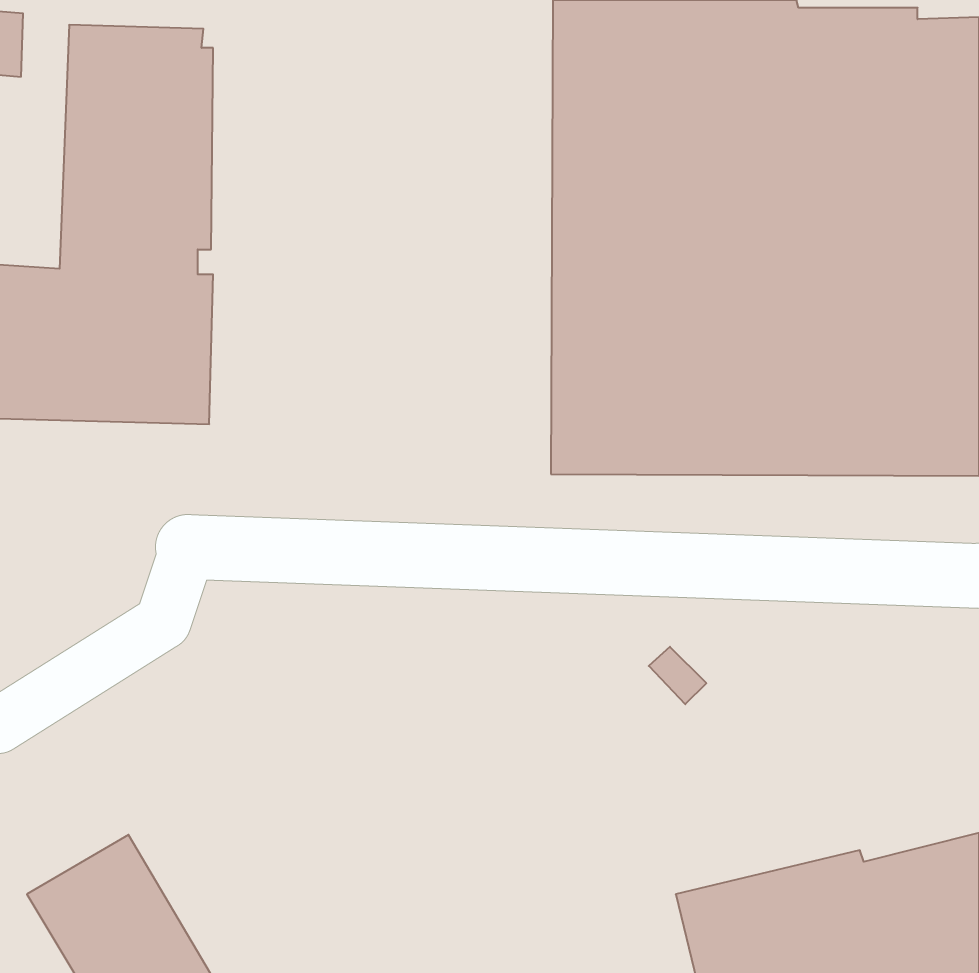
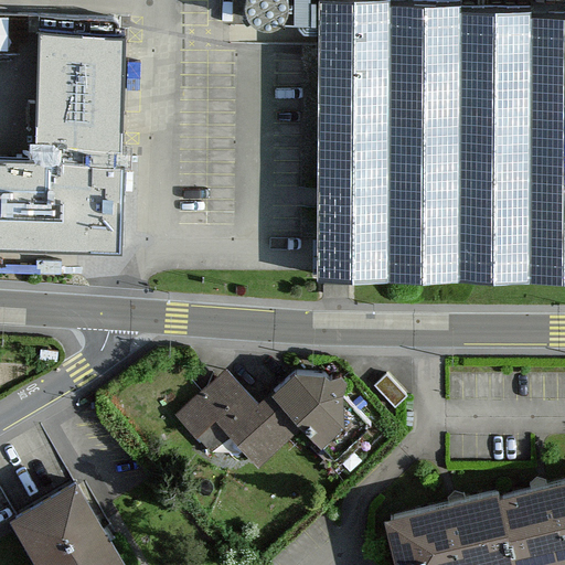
building: none -> [178,374,371,460]

